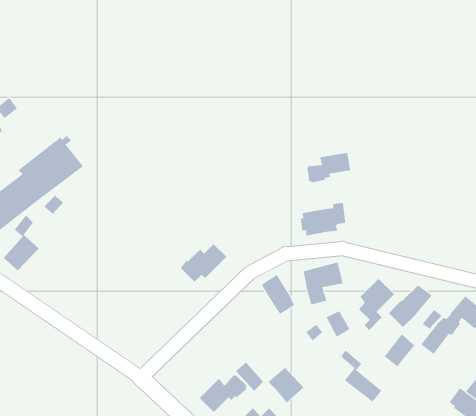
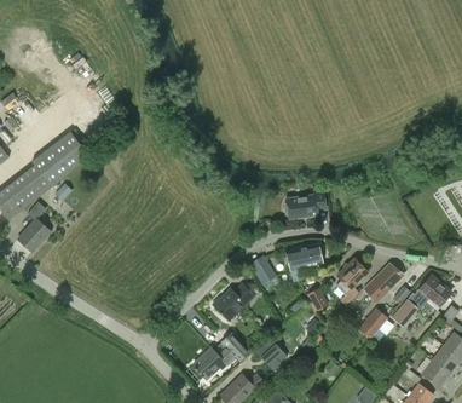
building: [307,152,351,183] -> none
building: [180,243,227,283] -> [213,283,255,318]
building: [341,349,382,403] -> none

